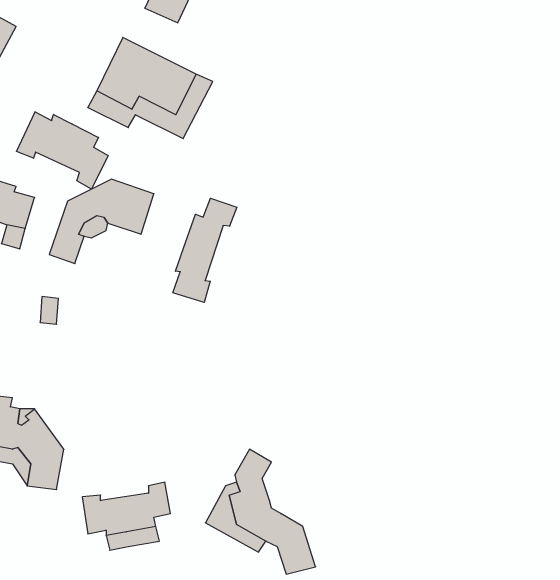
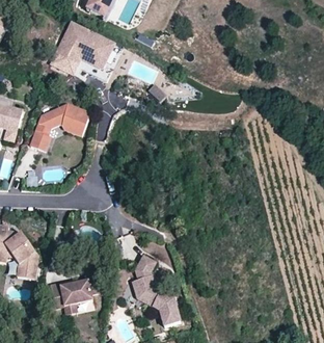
building: [16,112,108,189] -> none
building: [173,198,237,302] -> none

